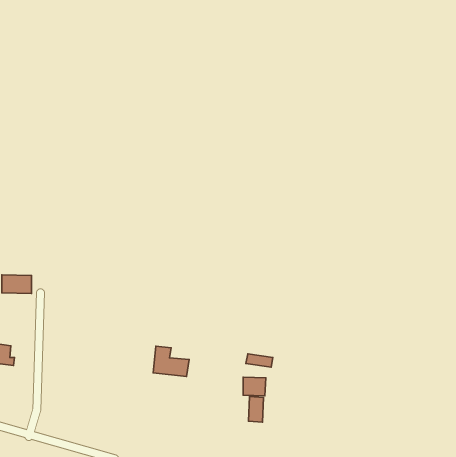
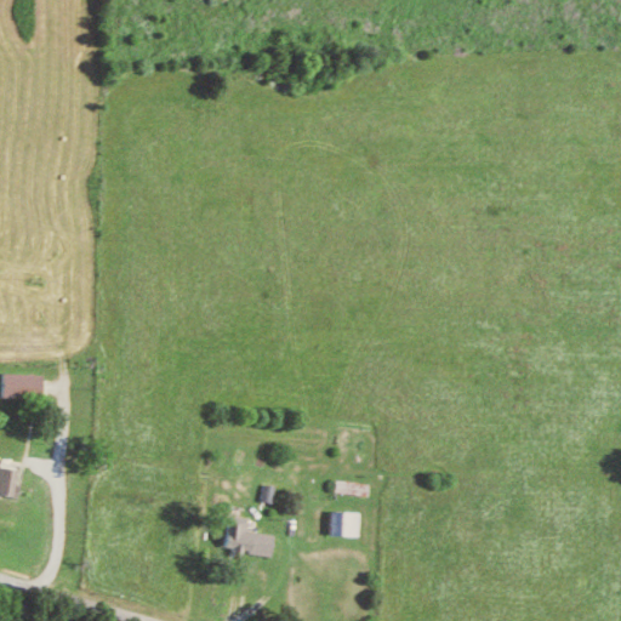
building: [153,346,189,377] -> [224,517,273,558]
building: [248,396,263,422] -> none

